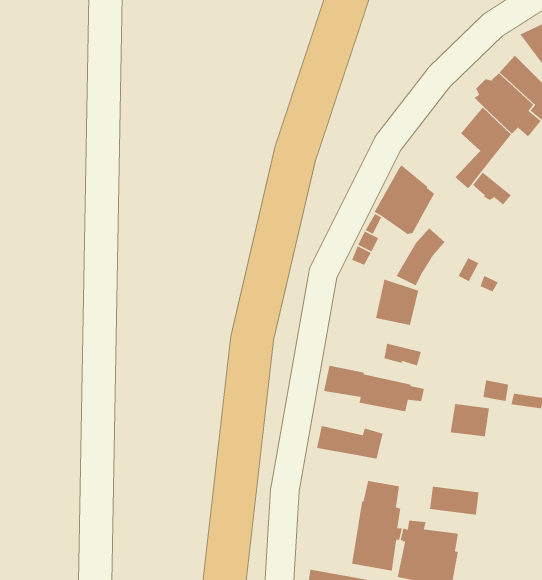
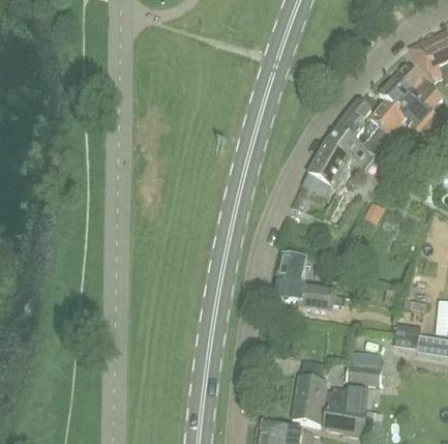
building: none -> [327,98,374,168]
building: [375,278,419,326] -> [276,250,307,284]
building: [450,403,490,437] -> [393,323,421,347]
building: [316,425,384,459] -> none

